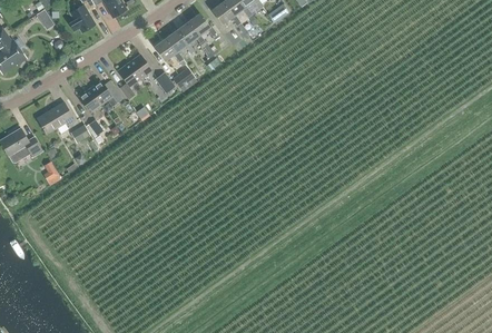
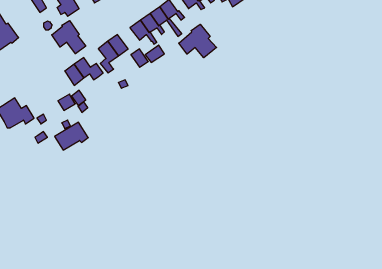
building: none -> [52,21,86,54]
building: none -> [179,24,217,58]
building: [36,101,75,134] -> [55,122,88,150]

